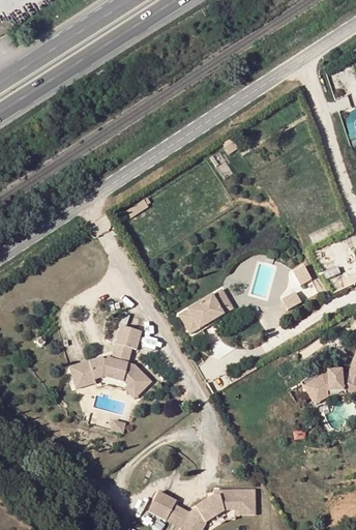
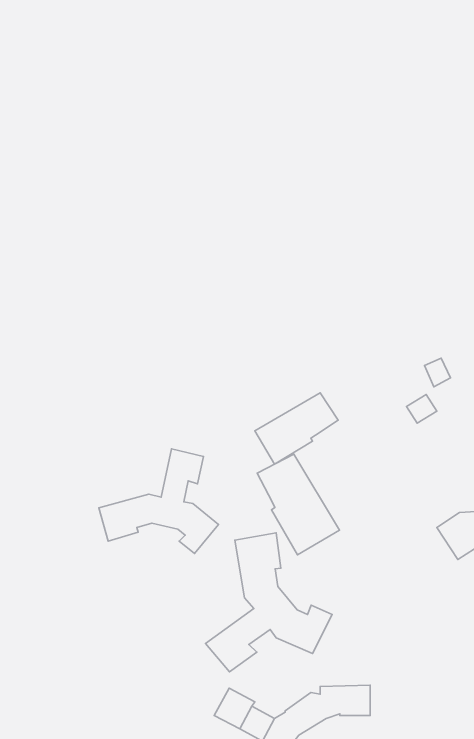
building: none -> [257,454,339,555]
building: none -> [205,533,332,672]

